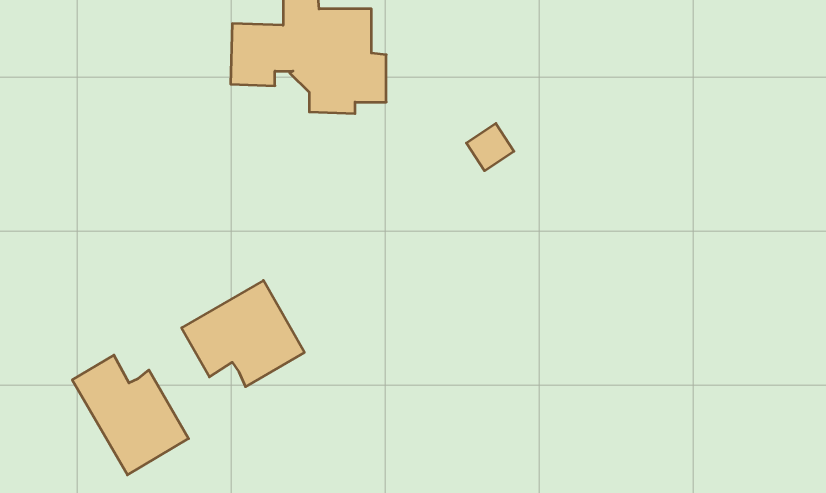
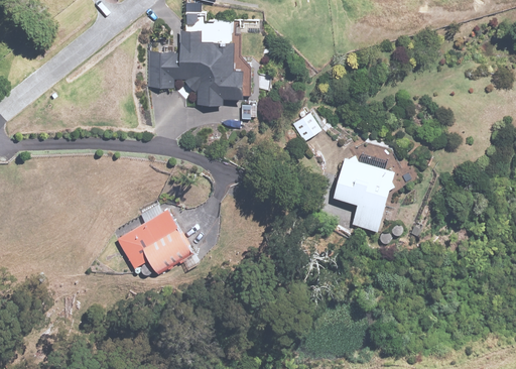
building: none -> [333,156,394,232]
building: [72,355,189,475] -> none

